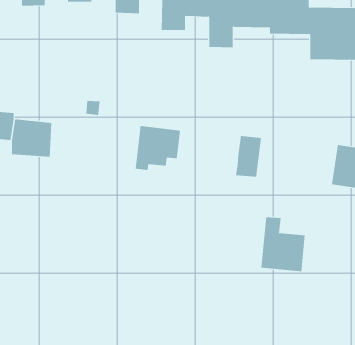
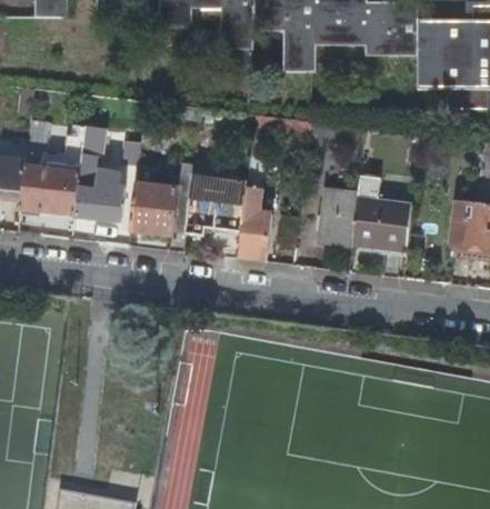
building: none -> [76,126,123,220]
building: none -> [238,153,271,260]
building: none -> [130,162,193,234]
building: [261,217,306,272] -> [351,177,411,250]

